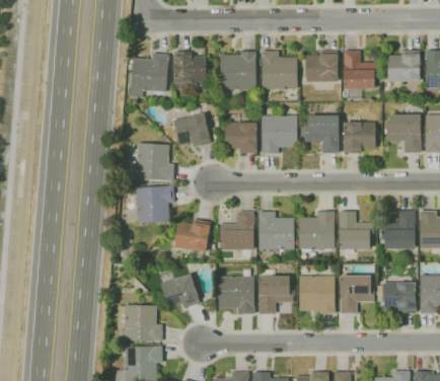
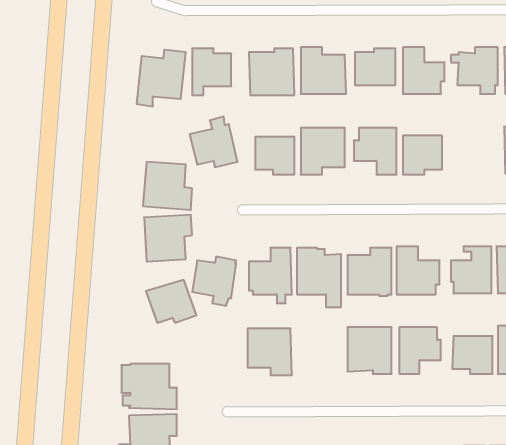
building: [386,115,421,152] -> none
building: [260,270,293,315] -> none
building: [160,274,201,308] -> [146,280,196,323]

